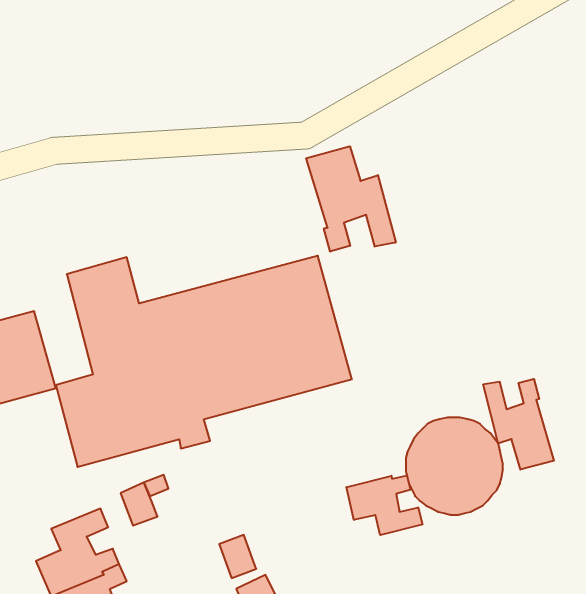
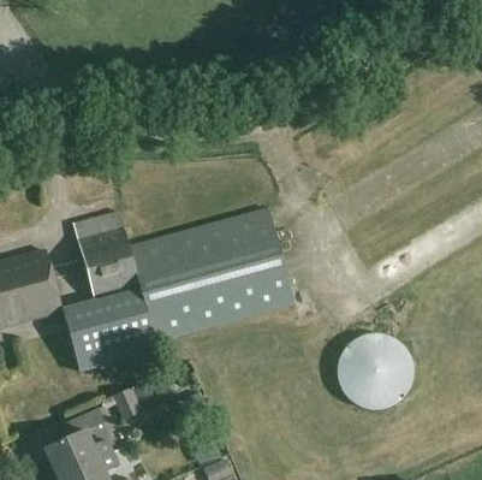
building: [306,146,396,252] -> none
building: [483,379,554,470] -> none
building: [346,476,422,535] -> none

